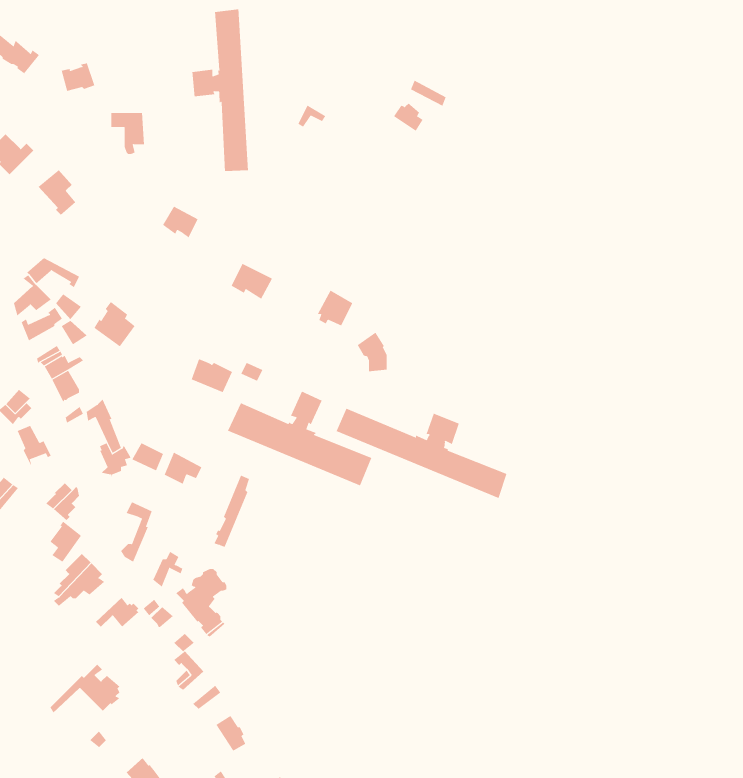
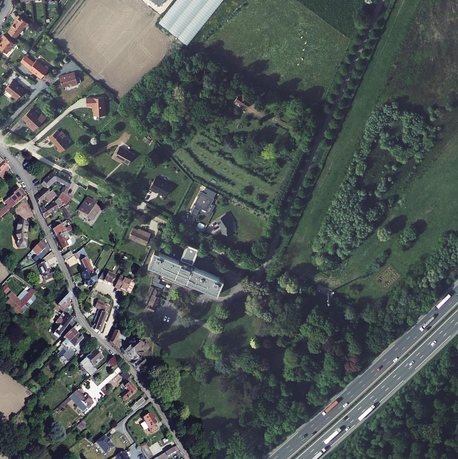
building: [192,8,248,172] -> none
building: [336,408,507,499] -> none

